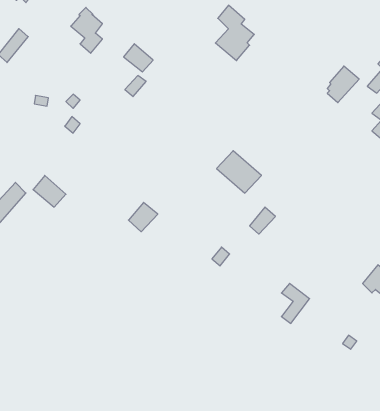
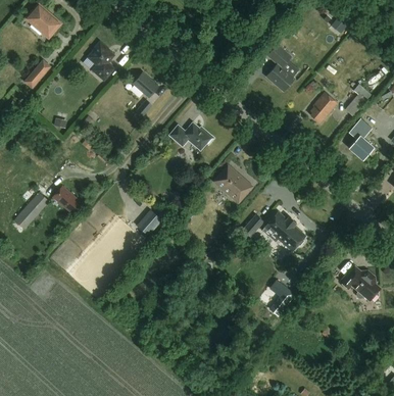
building: [215,5,254,61] -> [265,43,299,91]
building: none -> [169,121,213,149]
building: none -> [262,211,305,248]

